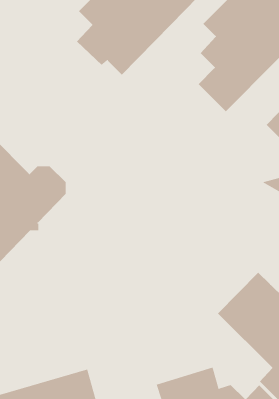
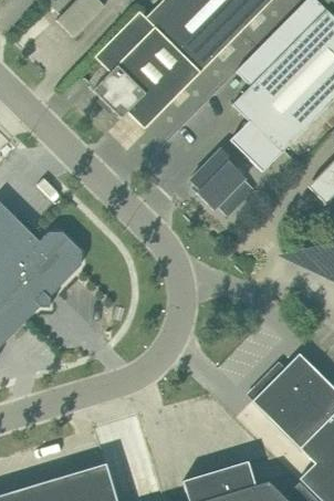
building: none -> [189,148,246,210]

